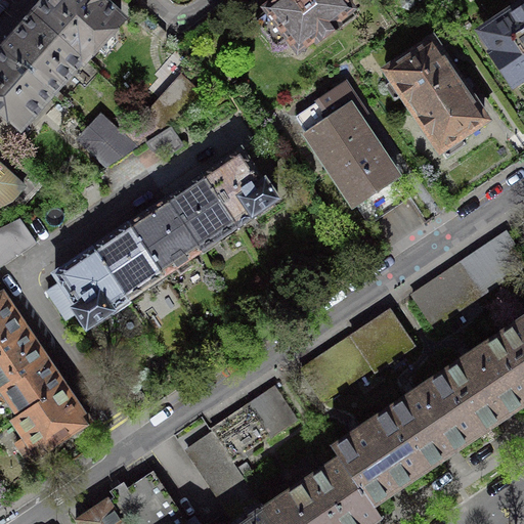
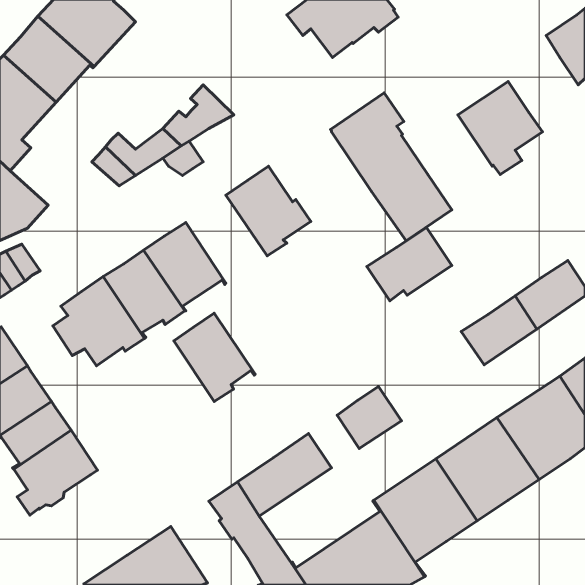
building: [384,39,453,102] -> none
building: [166,174,238,253] -> [174,313,255,402]
building: [338,310,413,376] -> [367,228,452,301]

